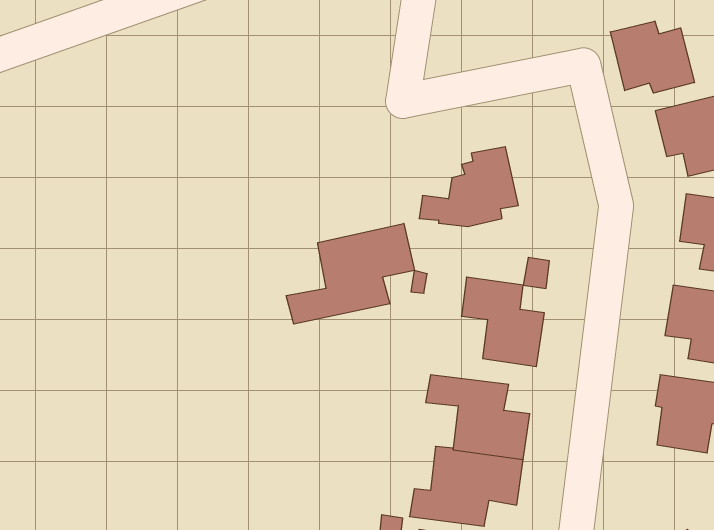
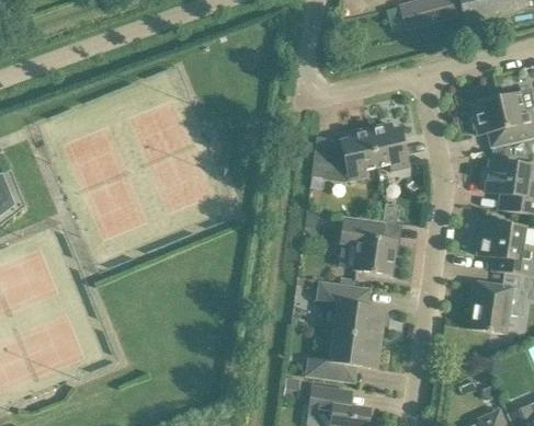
building: [610,21,694,93] -> none
building: none -> [370,123,409,172]
building: [286,223,414,324] -> none

